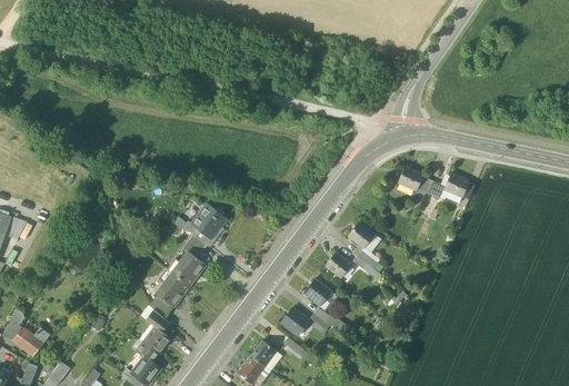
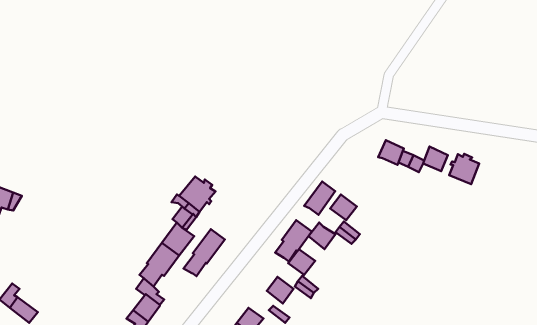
building: none -> [449,154,479,184]
building: none -> [304,182,335,215]
building: none -> [275,220,312,261]
building: none -> [184,229,225,276]

